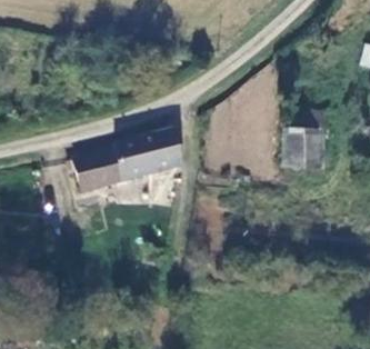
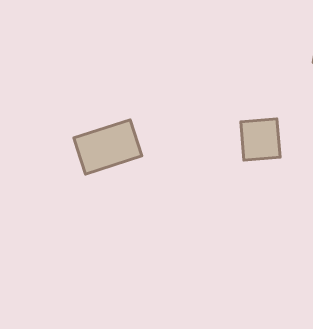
building: [88,157,129,193] -> none

